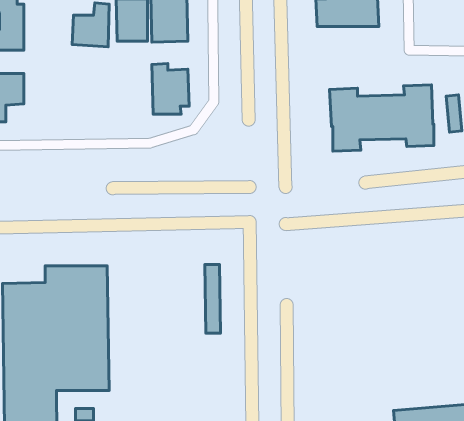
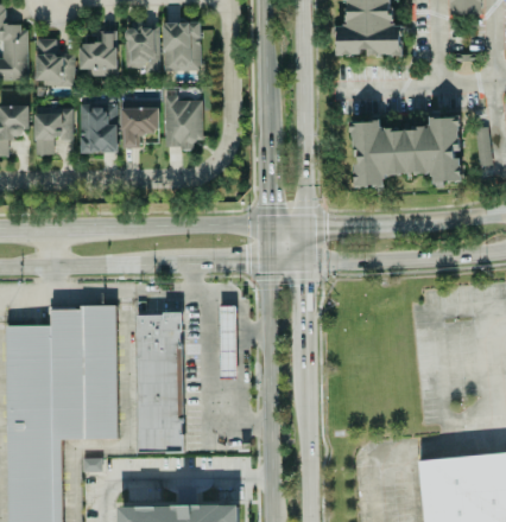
building: none -> [34,38,74,85]
building: none -> [121,100,158,148]
building: none -> [80,103,115,153]
building: none -> [34,108,72,154]
building: none -> [137,313,179,451]

